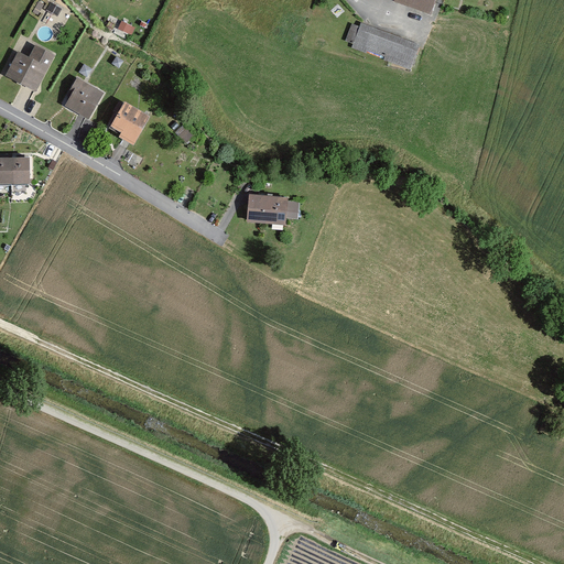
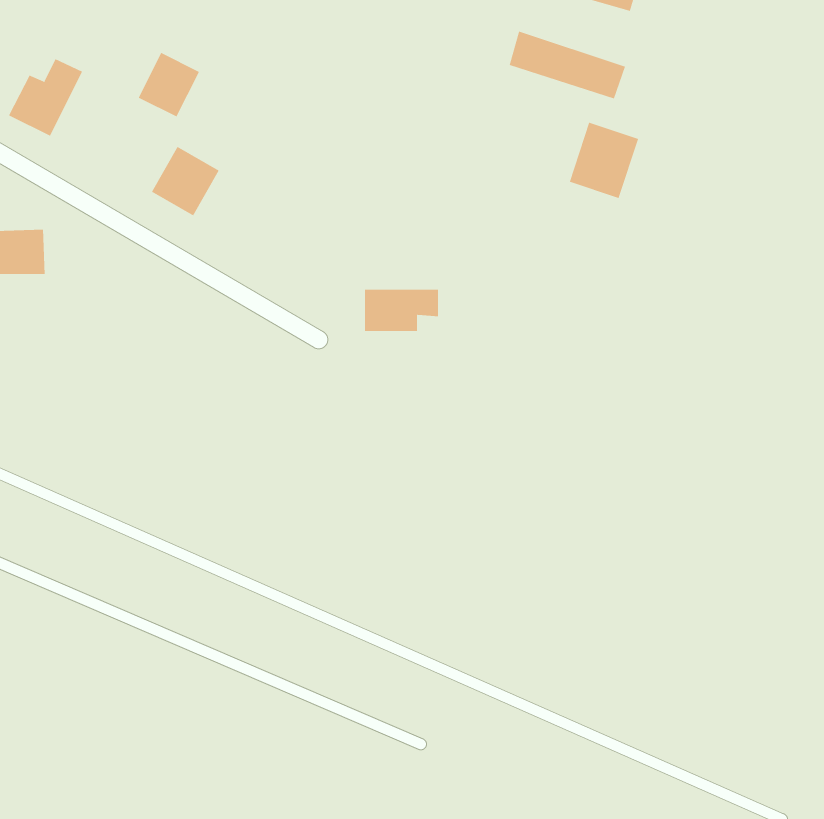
building: [62,76,104,120] -> [138,52,200,117]
building: none -> [569,122,639,199]

